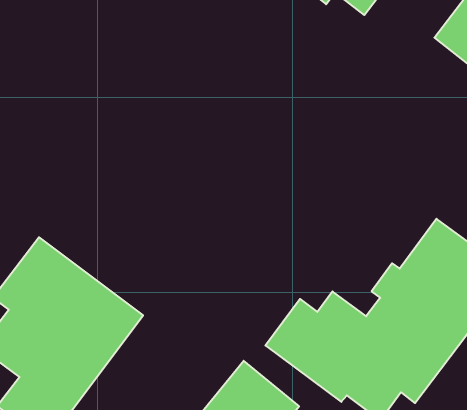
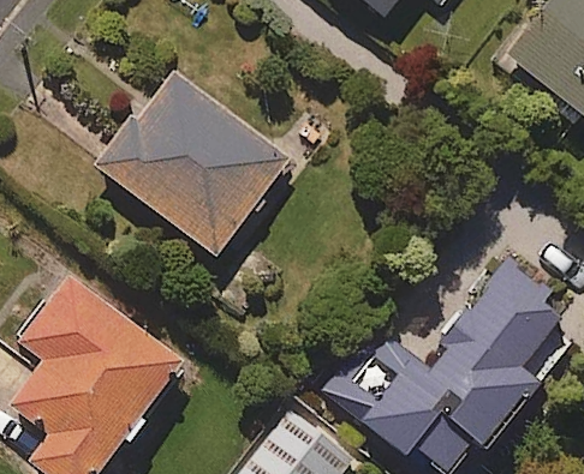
building: none -> [97,66,290,252]

